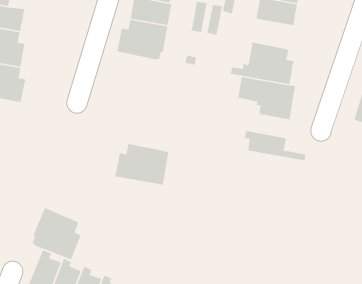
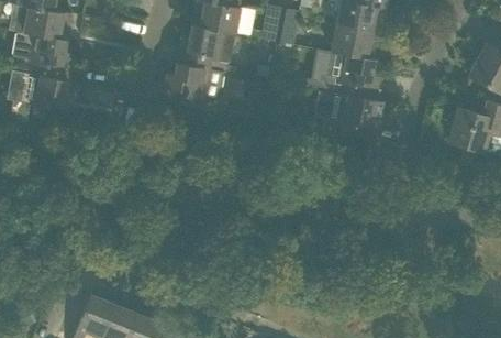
building: none -> [331,25,380,59]
building: [241,130,306,161] -> none
building: [114,143,169,185] -> [162,63,224,111]
building: [31,207,82,261] -> none

